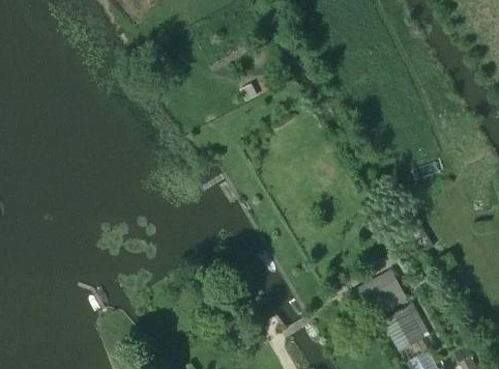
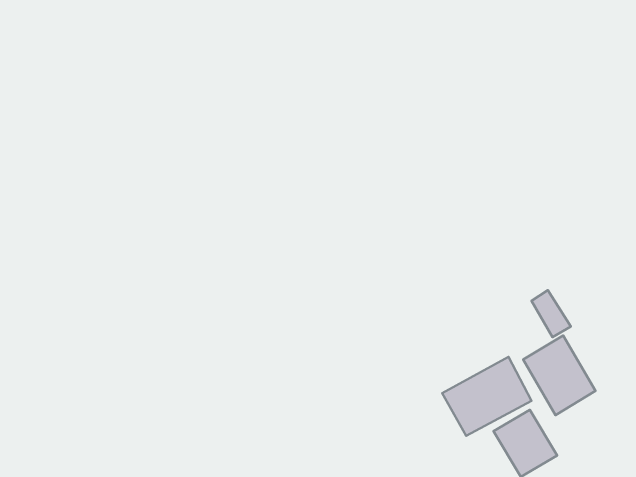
building: none -> [523,335,595,415]

